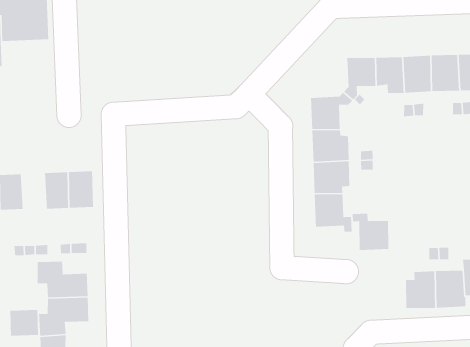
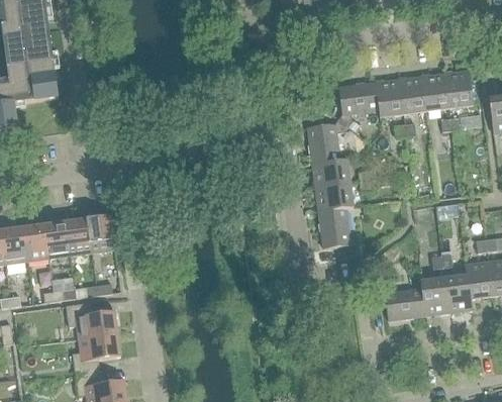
building: none -> [43,221,70,258]
building: [352,213,389,251] -> [377,284,415,320]
building: [9,309,39,337] -> none

